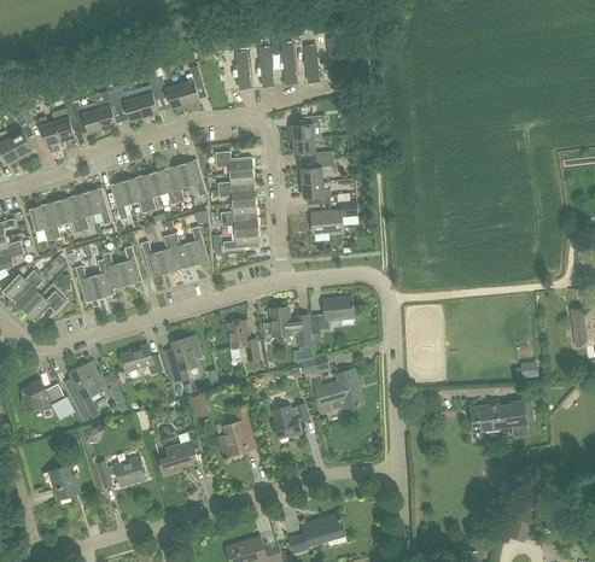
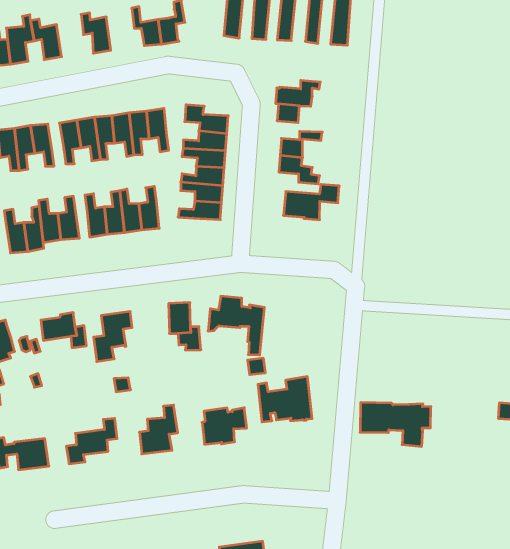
building: [134,78,159,117] -> none
building: [93,90,117,129] -> none
building: [316,297,354,330] -> none
building: [469,400,532,438] -> [360,403,431,446]

